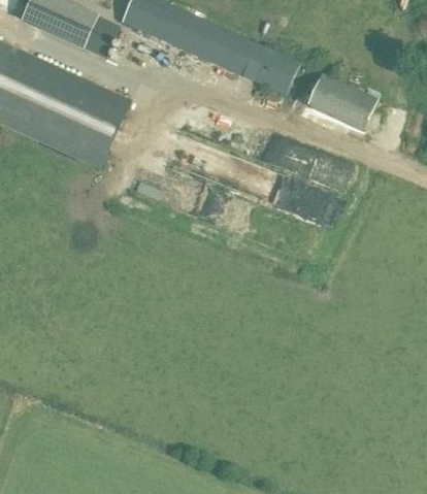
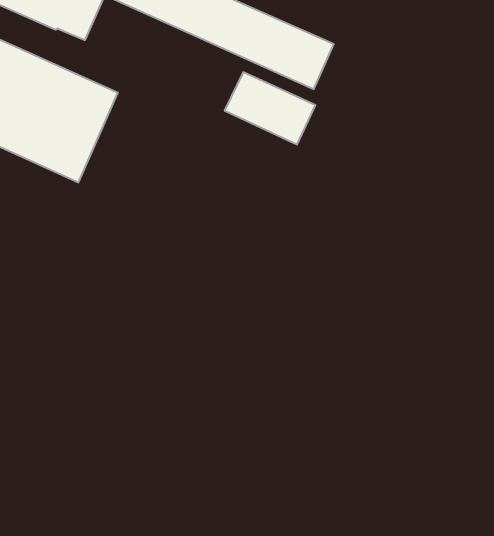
building: [305,74,376,131] -> [225,72,315,145]

